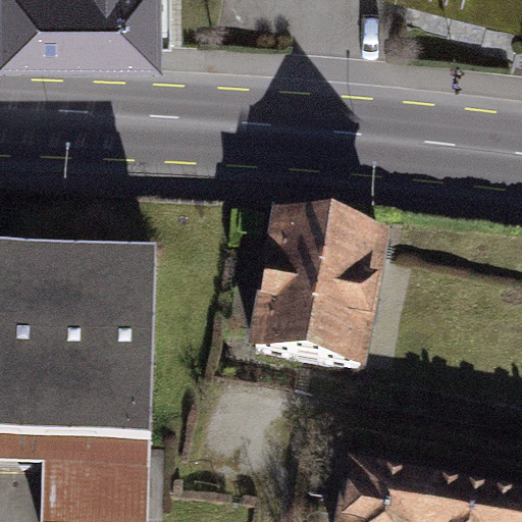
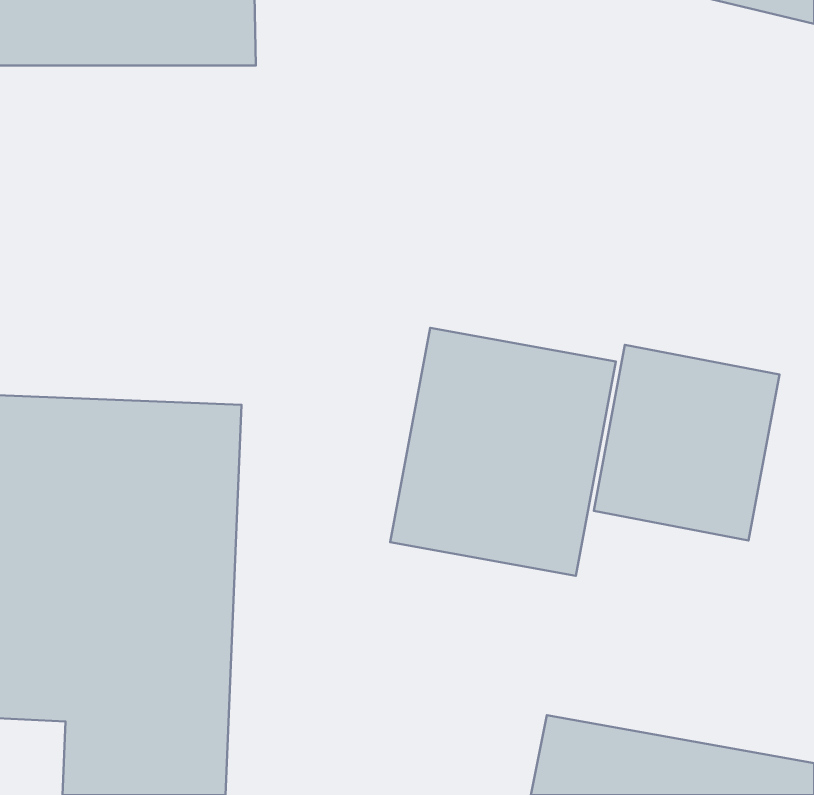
building: none -> [594,345,779,541]

